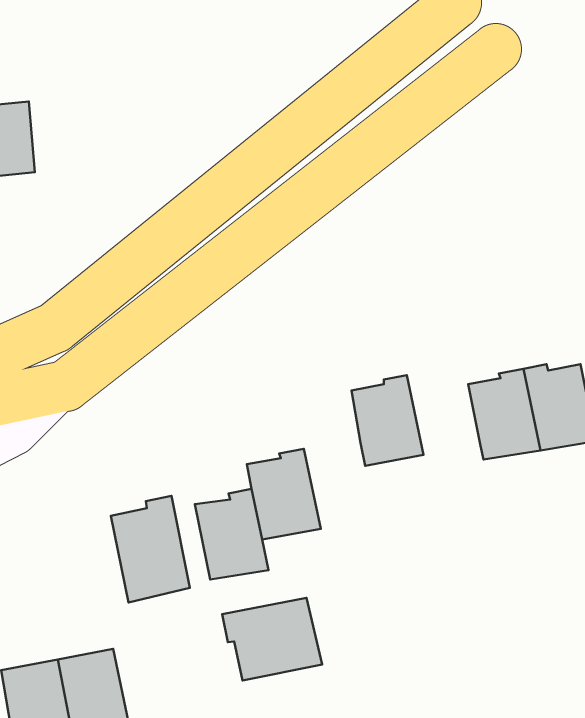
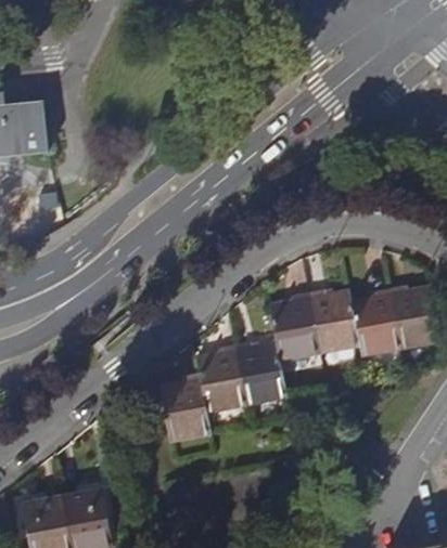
building: none -> [308,291,360,352]
building: none -> [235,343,286,404]
building: [111,496,190,602] -> none
building: [222,598,322,681] -> none

